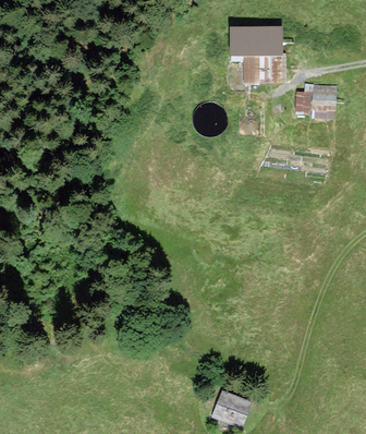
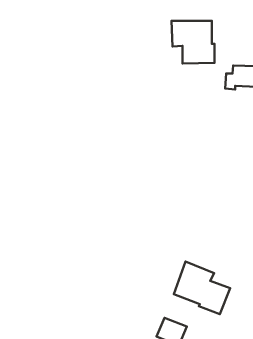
building: none -> [174,262,230,314]

